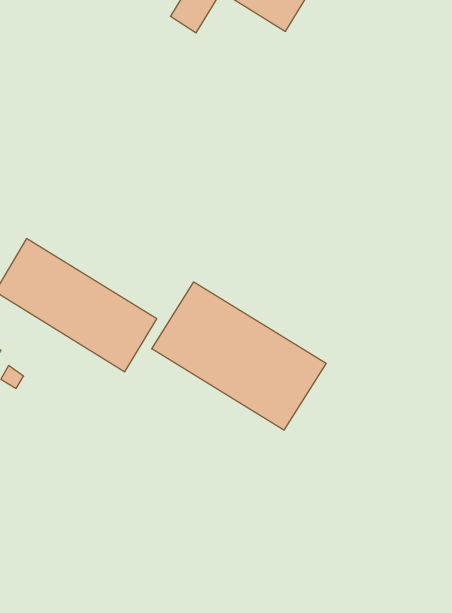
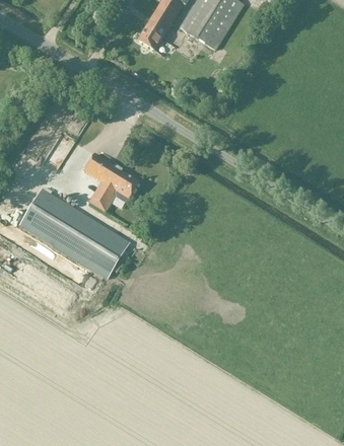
building: none -> [82,153,138,211]
building: [152,282,326,430] -> none

